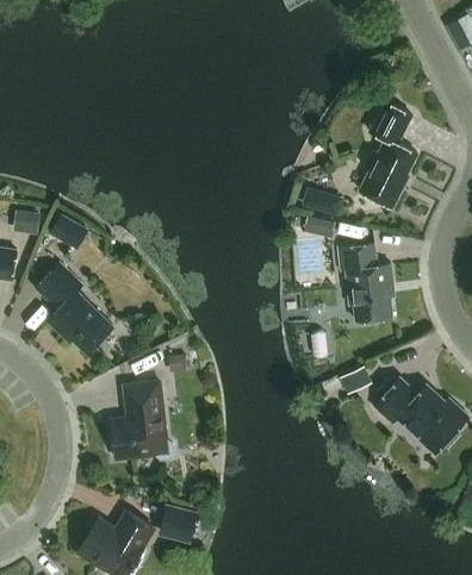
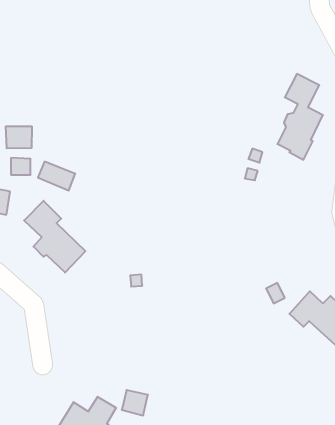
building: none -> [6,126,32,148]
building: [339,243,393,320] -> none
building: [108,381,173,458] -> none

